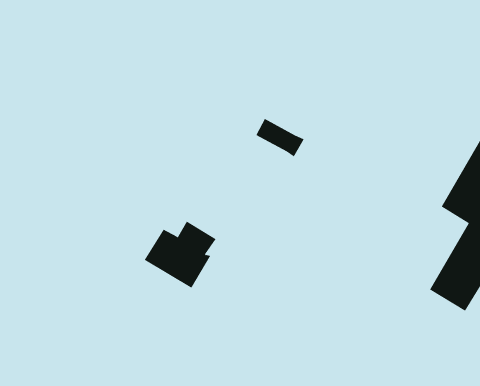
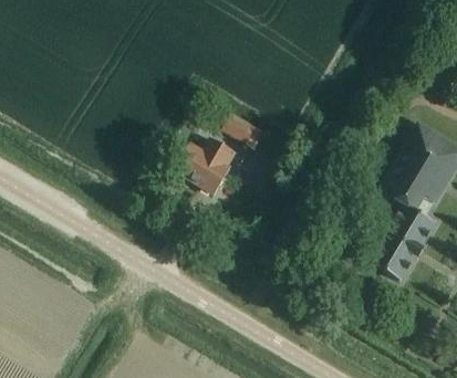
building: [144,221,216,288] -> [175,135,237,192]

